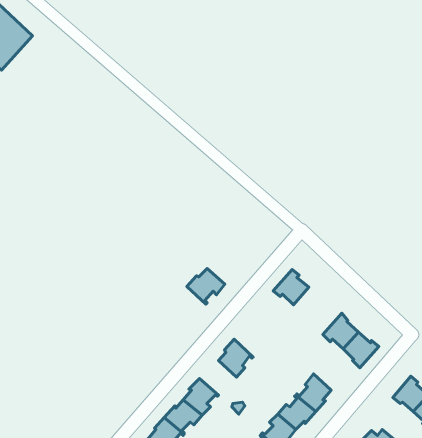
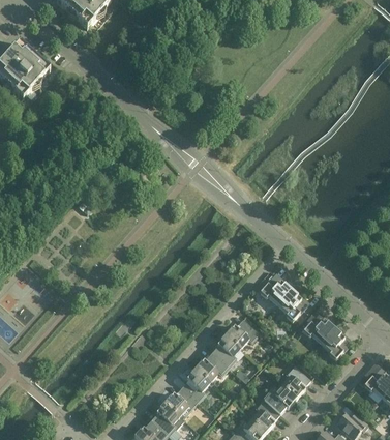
building: [187,269,225,304] -> [224,318,258,349]
building: none -> [276,288,307,320]
building: none -> [194,352,227,382]

